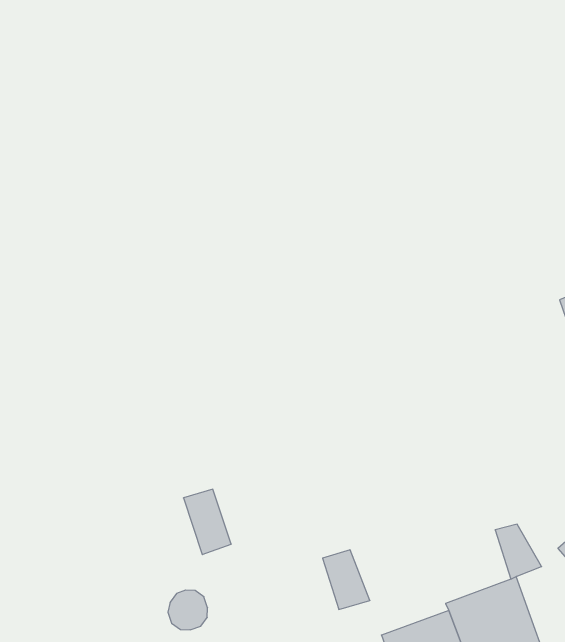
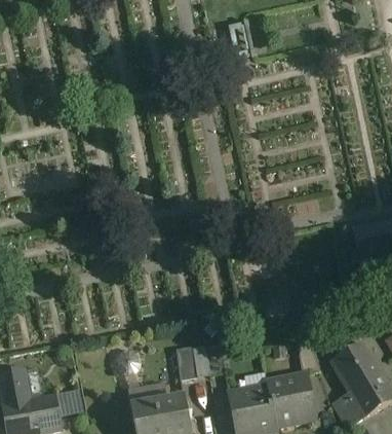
building: [183,489,231,555] -> [177,346,198,379]

